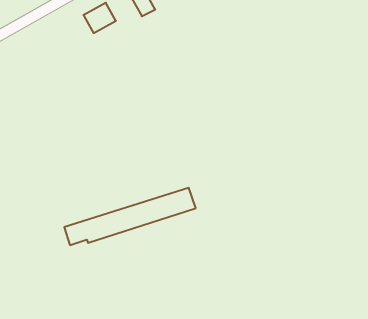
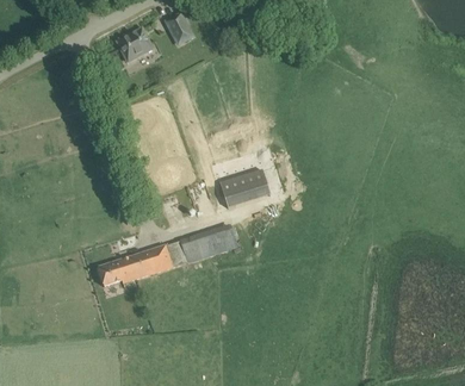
building: none -> [219,168,271,207]

